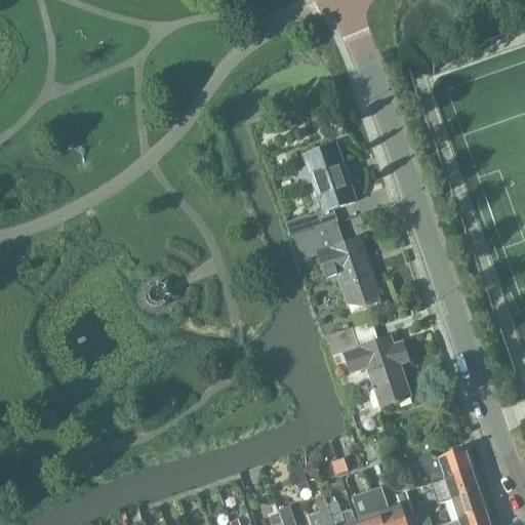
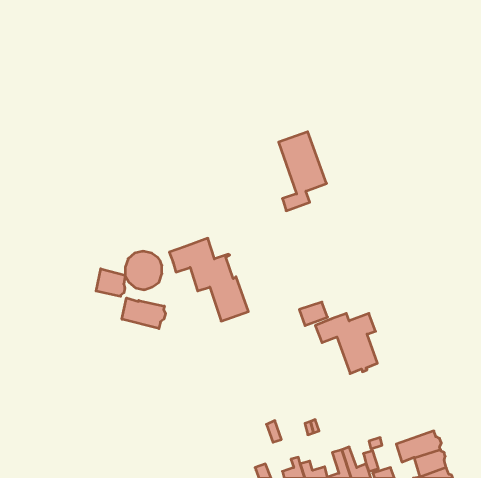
building: [295,220,381,311] -> [169,238,248,321]
building: none -> [96,269,125,296]
building: none -> [122,298,166,329]
building: [418,448,473,484] -> none

